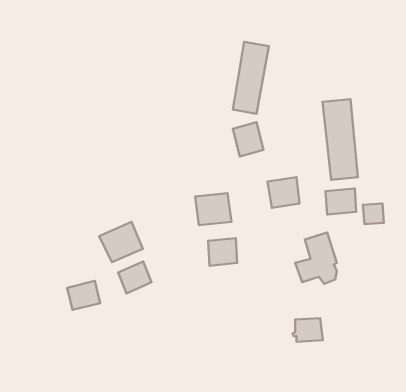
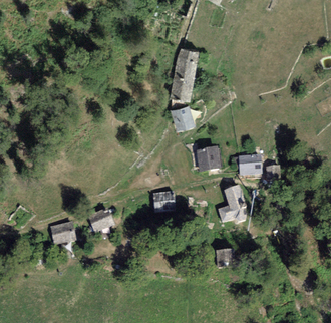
building: [323,99,358,180] -> none
building: [195,193,231,225] -> none
building: [99,222,143,262] -> none

